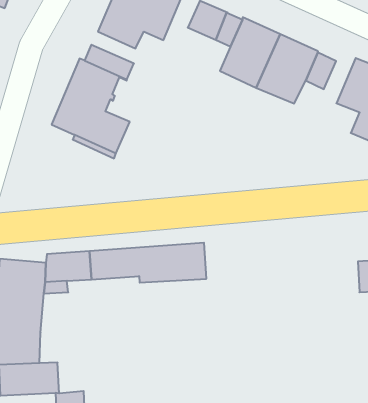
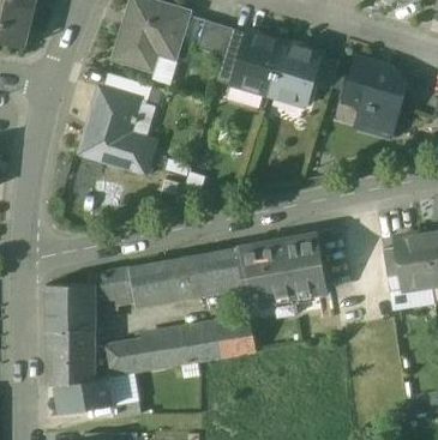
building: none -> [238,234,326,305]
building: none -> [110,317,254,374]

